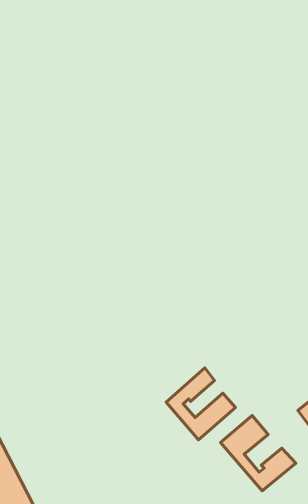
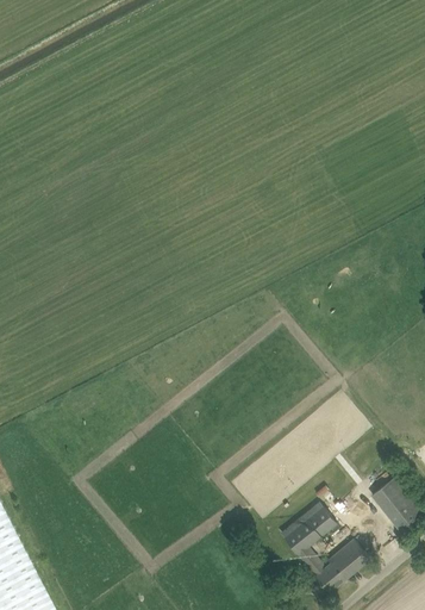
building: [166,368,236,440] -> none

